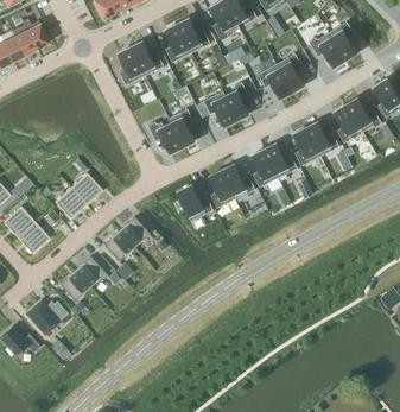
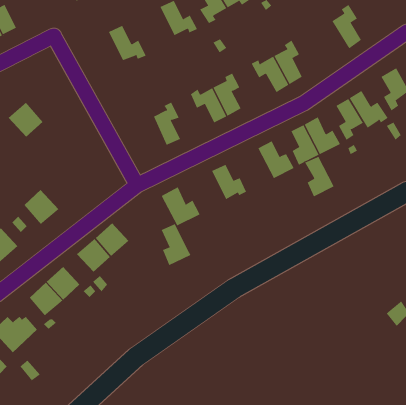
building: [164,23,190,62] -> none
building: [311,36,347,68] -> none
building: [118,45,144,84] -> none
building: [150,121,183,154] -> none
building: [252,150,279,186] -> [304,156,335,197]
building: [210,170,237,208] -> [161,223,191,266]
building: [70,172,102,204] -> [8,102,43,138]

